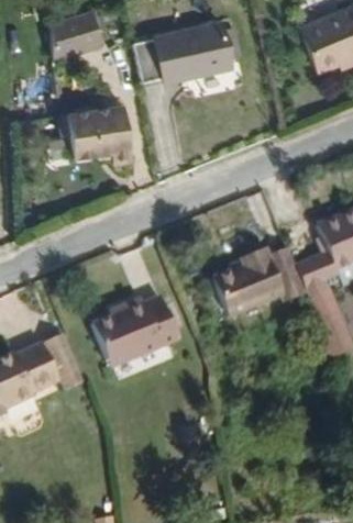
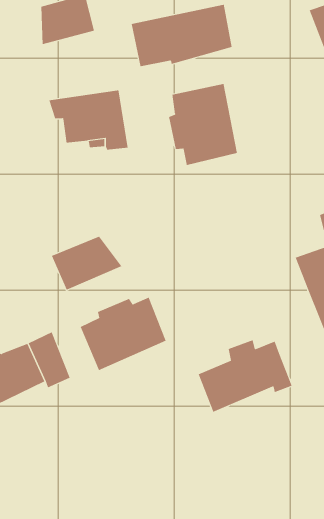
building: none -> [169,83,238,166]
building: none -> [51,236,122,290]
building: [213,248,304,318] -> [198,340,293,412]

